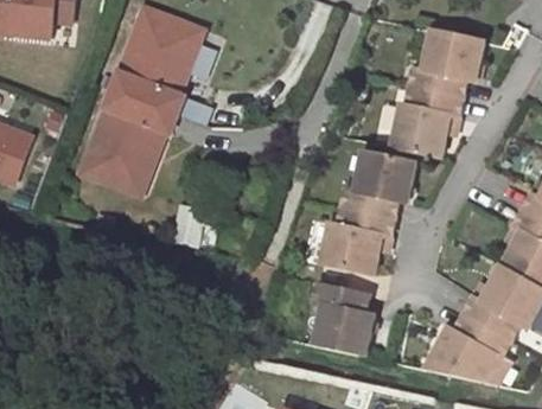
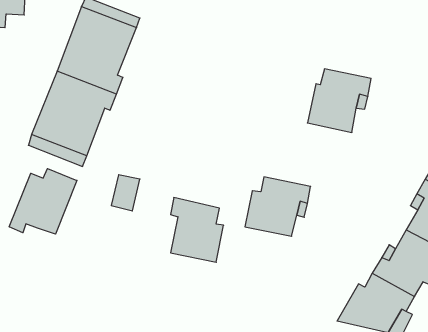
building: [409,30,483,97] -> none
building: [342,152,415,218] -> none
building: none -> [9,169,77,234]
building: [313,283,372,356] -> [171,198,224,262]

